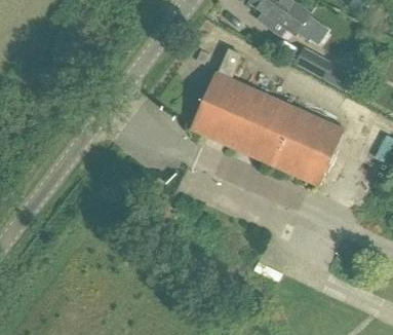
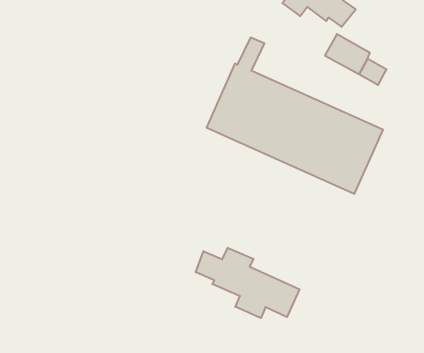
building: none -> [196,248,299,318]

